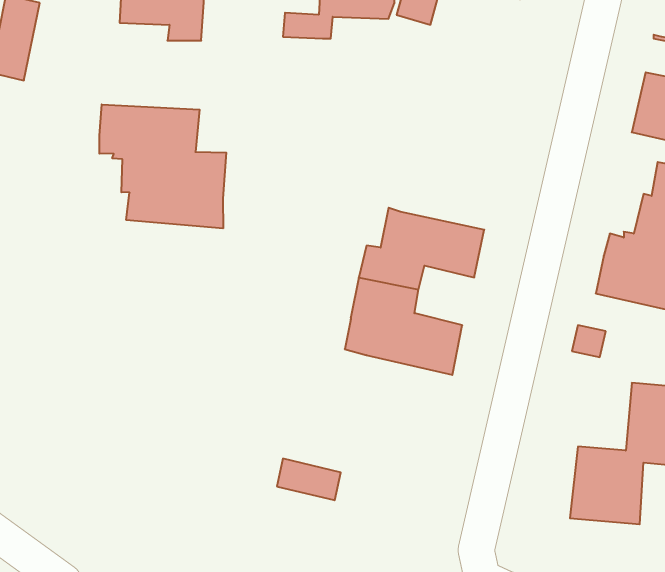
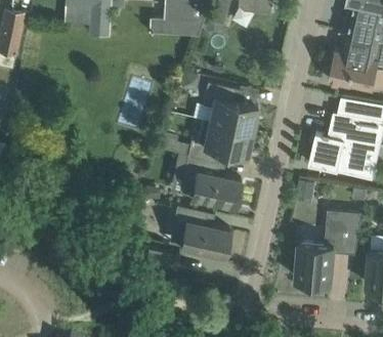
building: [99,104,226,228] -> none
building: none -> [203,83,257,132]
building: none -> [172,206,230,256]

